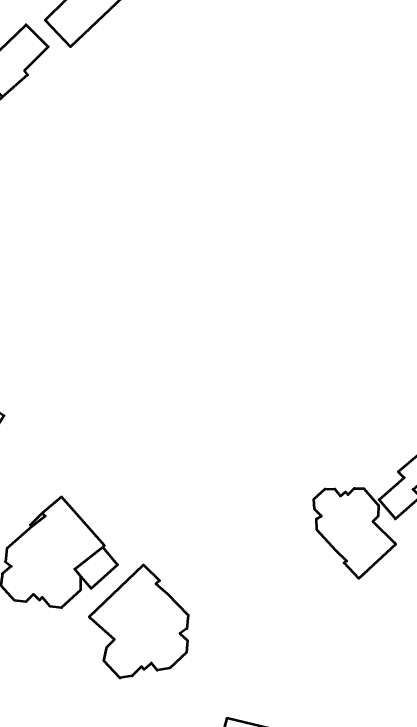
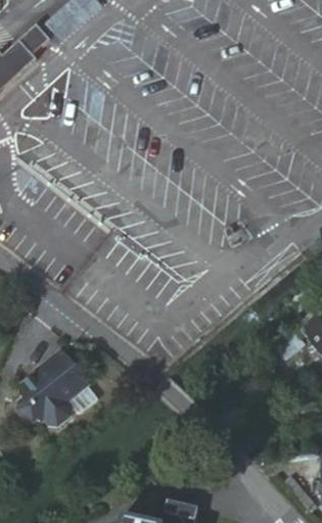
building: [314,488,396,578] -> none
building: [89,565,188,678] -> none

